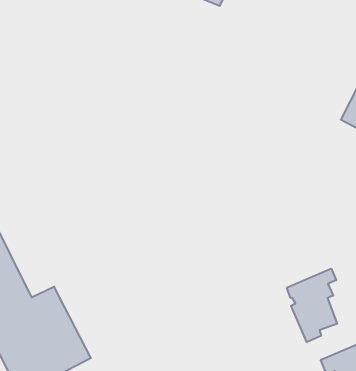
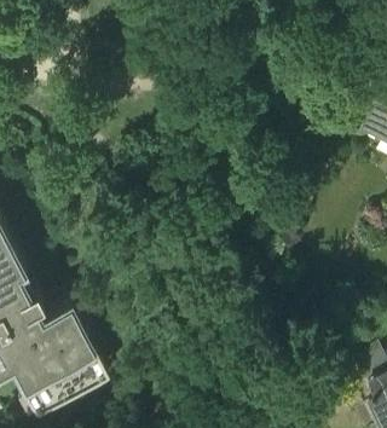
building: [287,269,337,342] -> none

